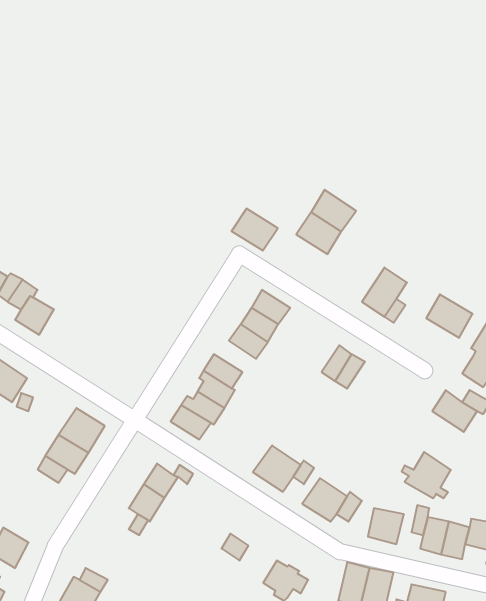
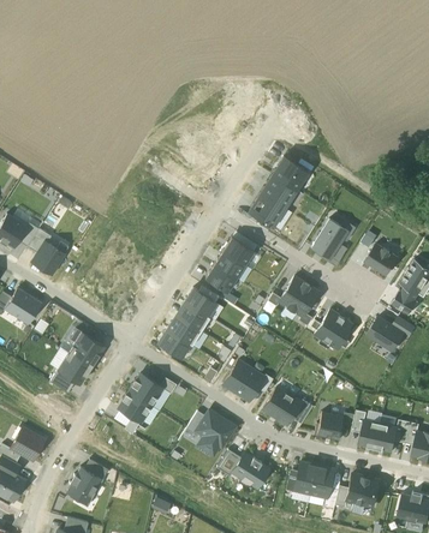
building: [231,209,278,250] -> [248,192,285,226]
building: [402,452,451,498] -> [312,310,352,347]
building: none -> [199,409,233,442]

